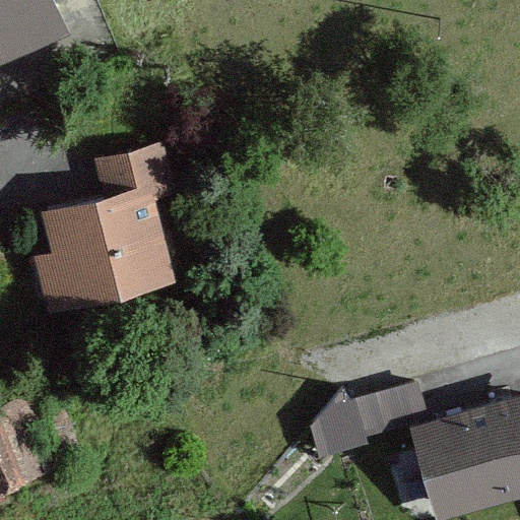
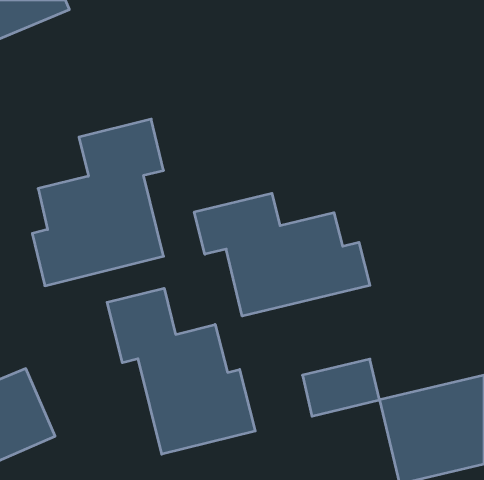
building: none -> [194,193,370,316]
building: none -> [107,288,255,454]

